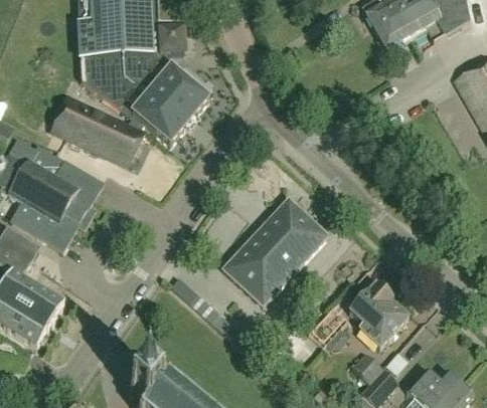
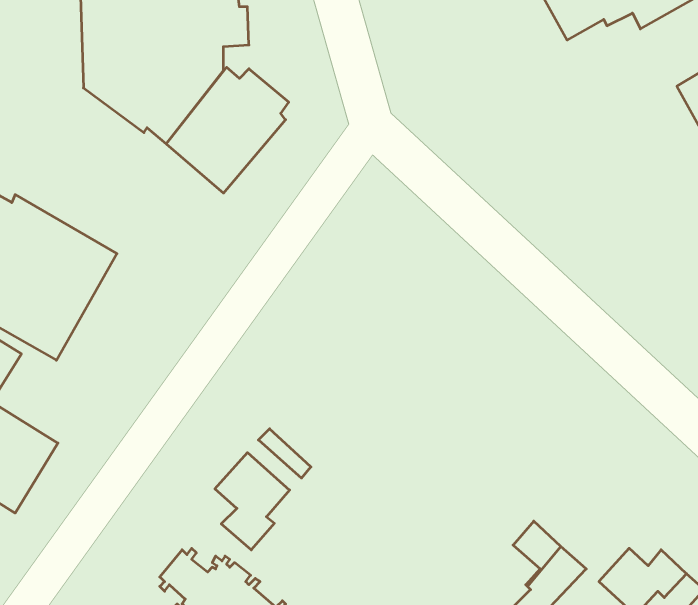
building: [52,95,145,166] -> none
building: [221,196,328,307] -> none
building: [351,285,409,347] -> none
building: none -> [215,453,290,550]

